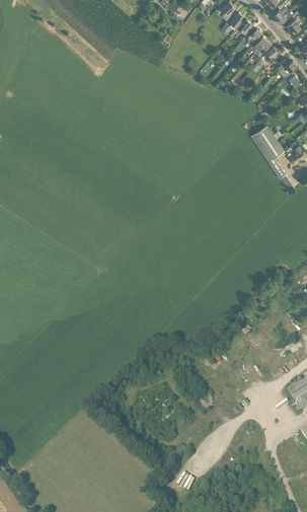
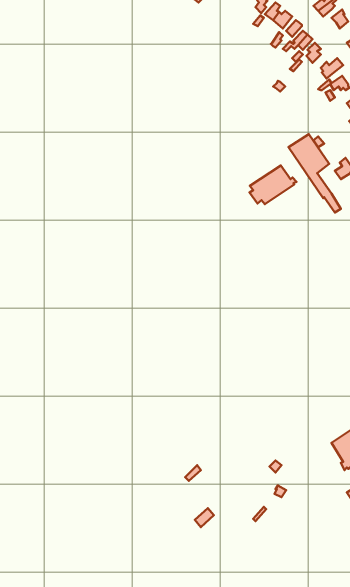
building: none -> [250,165,297,204]

